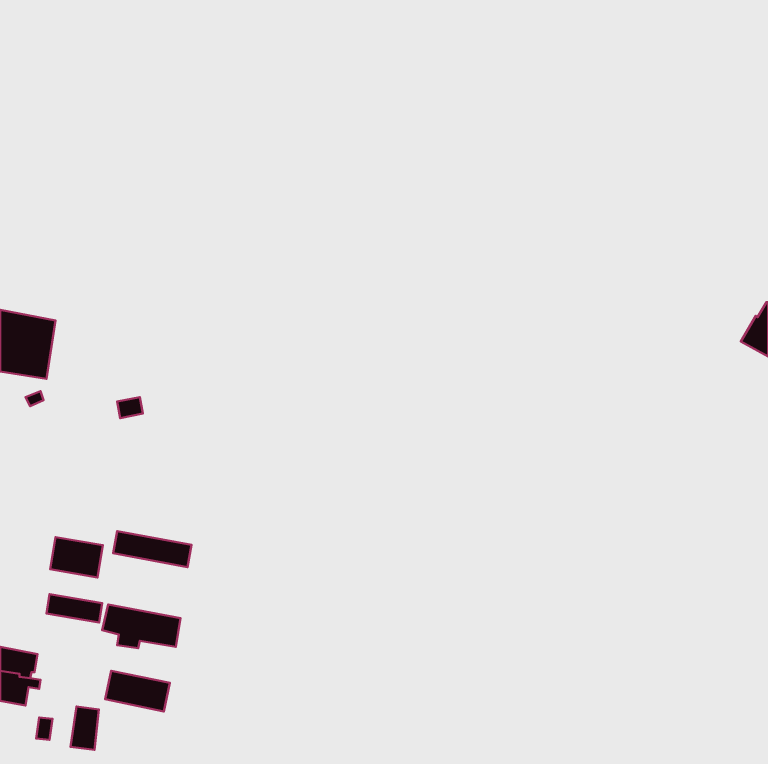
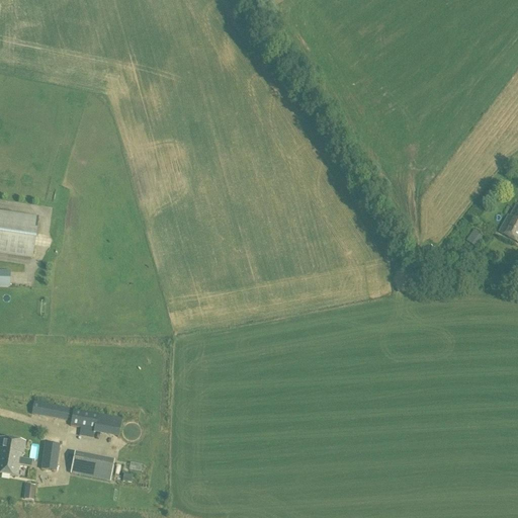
building: [113,531,191,567] -> none
building: [50,537,103,577] -> none
building: [70,706,99,750] -> [40,440,60,469]

